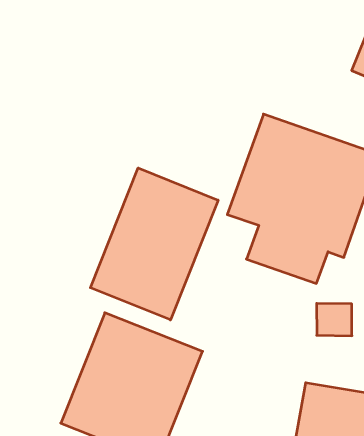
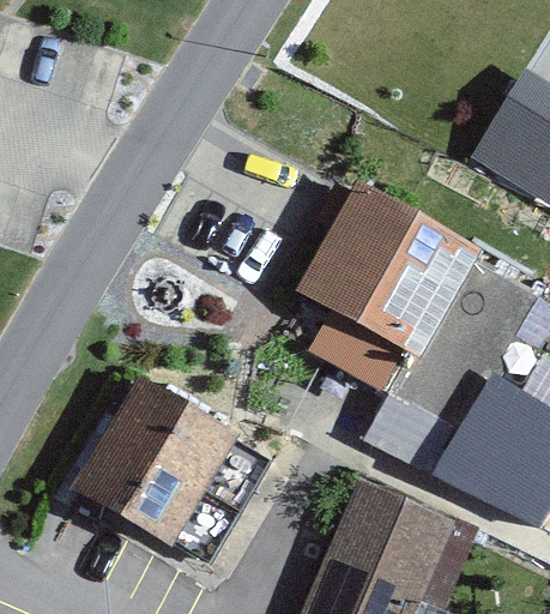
building: [90,168,218,320] -> none

